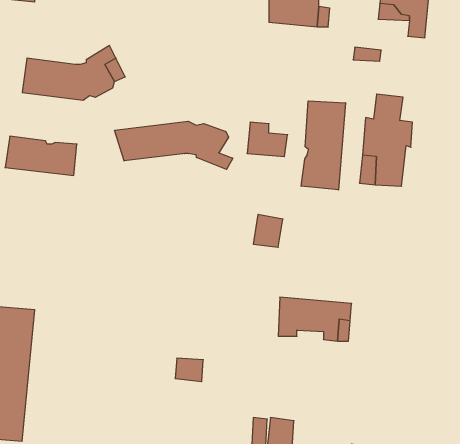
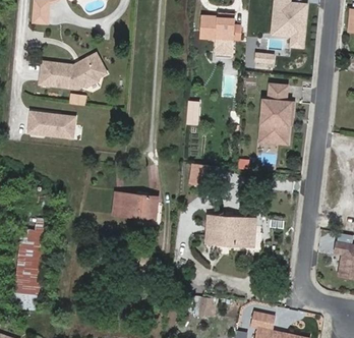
building: [301,101,346,190] -> none
building: [115,121,233,169] -> none
building: none -> [112,191,157,218]

